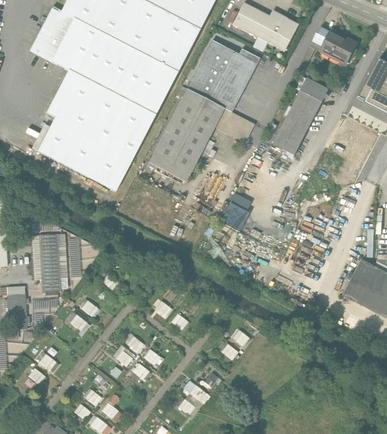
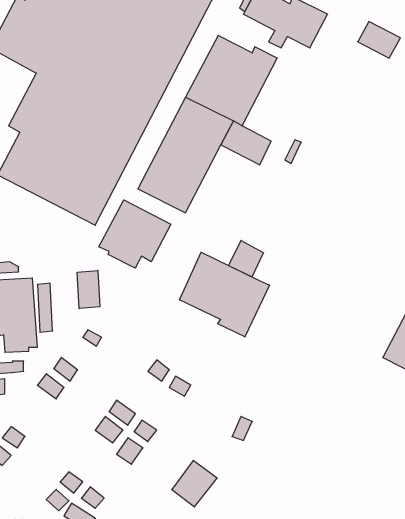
building: [272,73,327,155] -> none
building: none -> [99,200,171,268]
building: none -> [179,252,269,337]
building: none -> [77,270,100,309]

